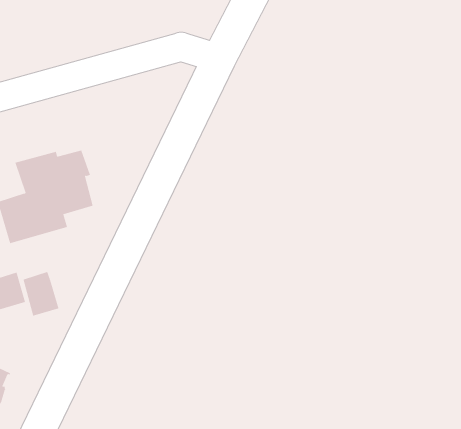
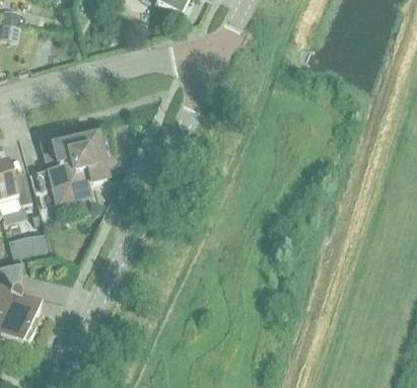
building: [23,271,59,316] -> none

